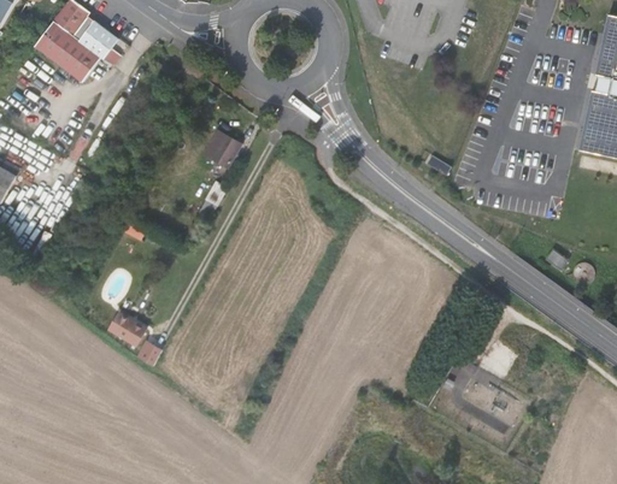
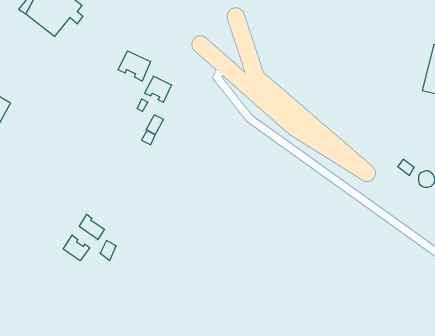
building: none -> [118,51,151,81]
building: none -> [63,235,90,261]

